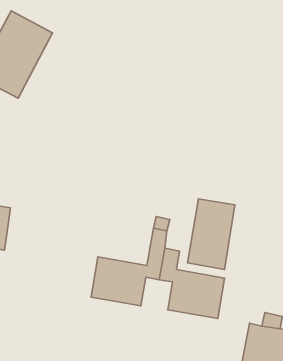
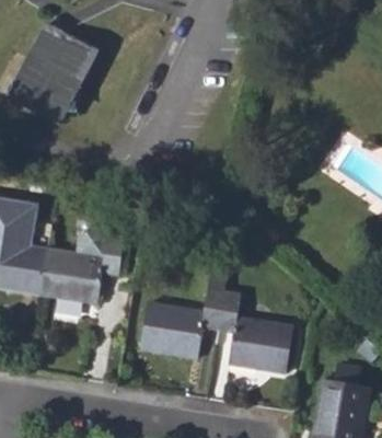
building: none -> [43,226,125,306]
building: [188,199,235,269] -> none

